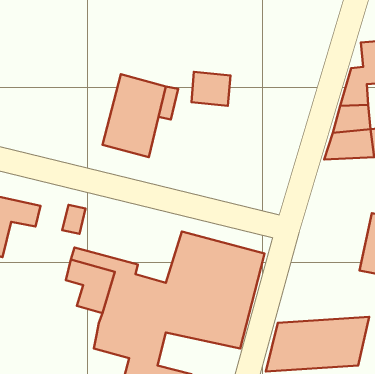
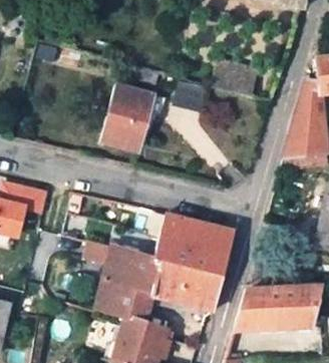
building: none -> [210,57,256,97]

